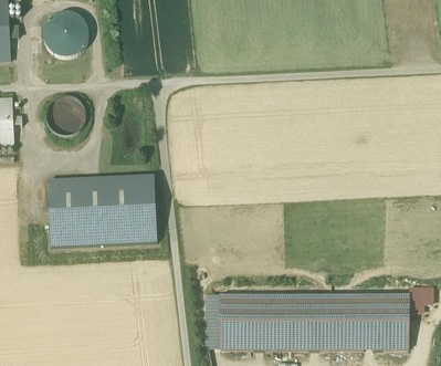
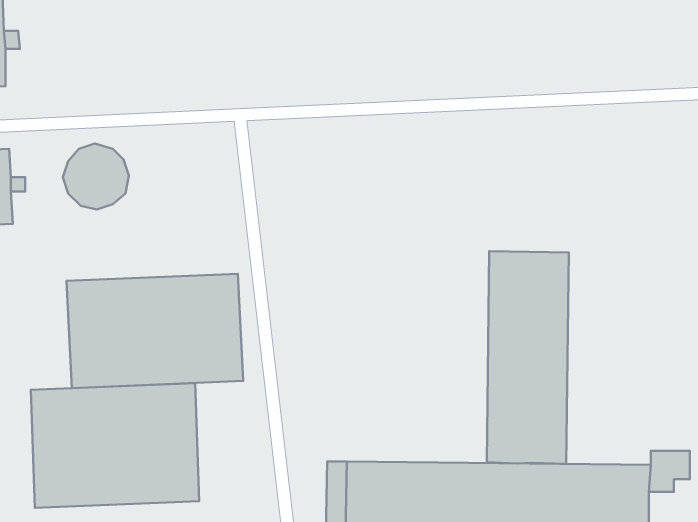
building: [42,11,87,56] -> none
building: none -> [487,251,569,464]
building: none -> [31,383,199,508]

